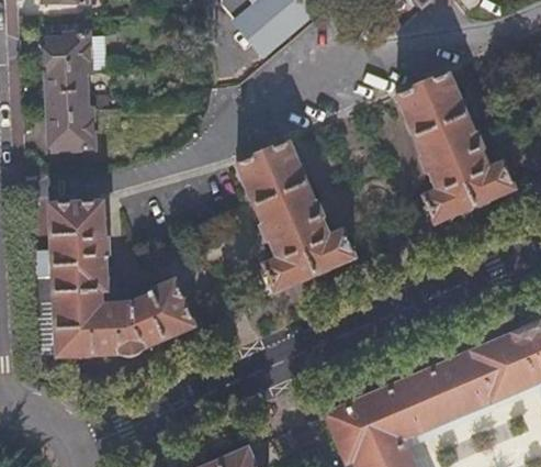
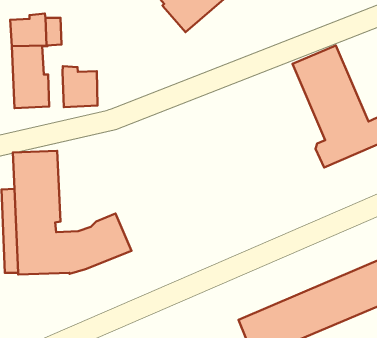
building: none -> [62,66,98,107]
building: [235,141,357,292] -> none

